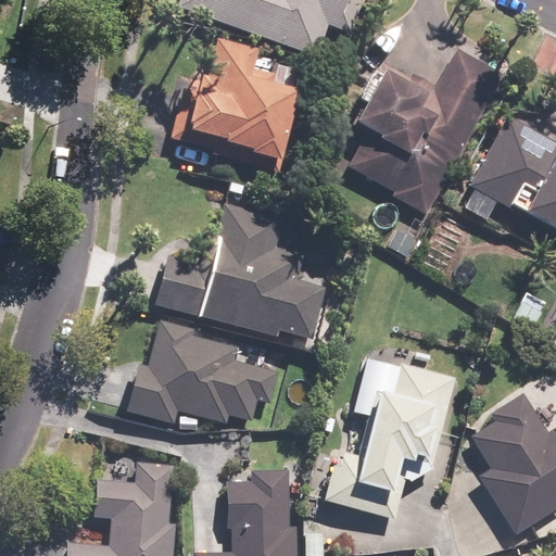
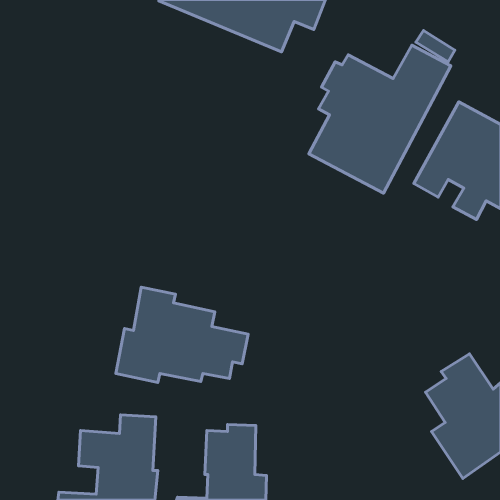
building: [169,38,304,177] -> none
building: [156,213,324,341] -> none
building: [331,361,454,518] -> none

